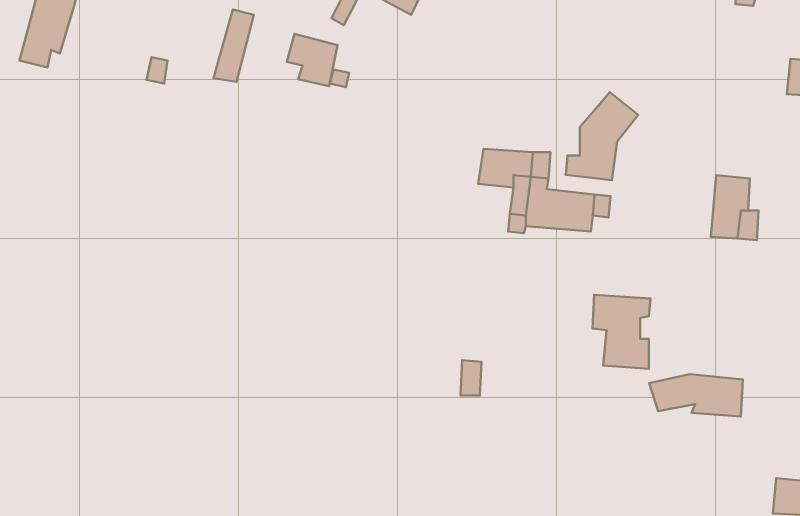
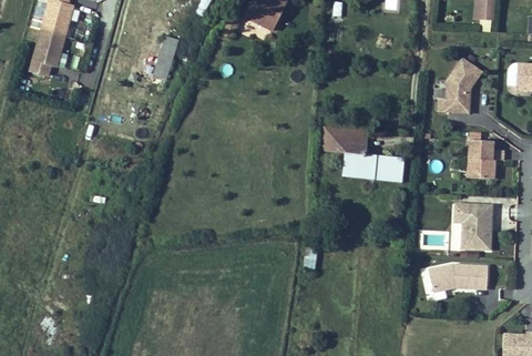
building: [287,34,338,86] -> none
building: [566,92,638,180] -> [437,57,482,112]
building: [592,295,651,369] -> [454,203,491,250]

